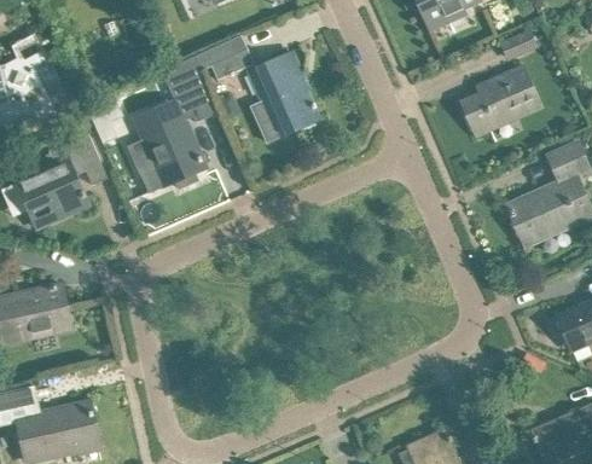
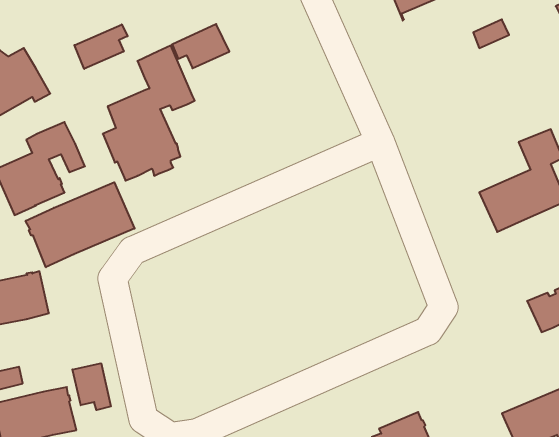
building: none -> [74,24,128,69]
building: [249,52,318,141] -> none
building: [462,66,540,134] -> none
building: none -> [26,182,135,267]
building: none -> [72,363,111,410]

